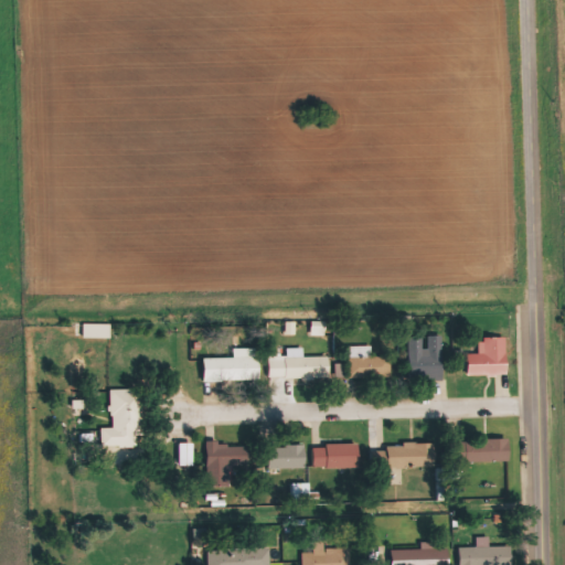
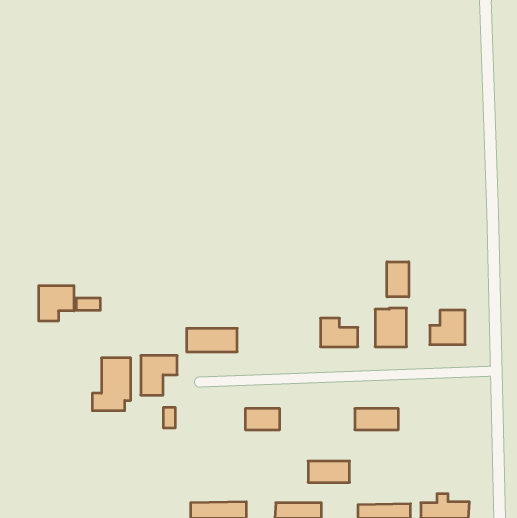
building: none -> [387,262,409,297]
building: none -> [39,286,74,321]
building: [267,356,329,381] -> none
building: [463,439,509,461] -> none
building: [206,445,246,488] -> [141,356,177,395]
building: [312,445,358,468] -> [308,461,350,482]

